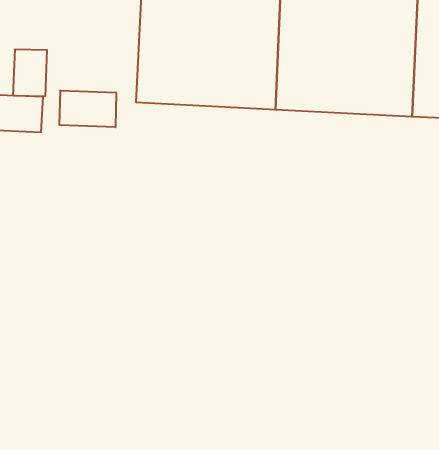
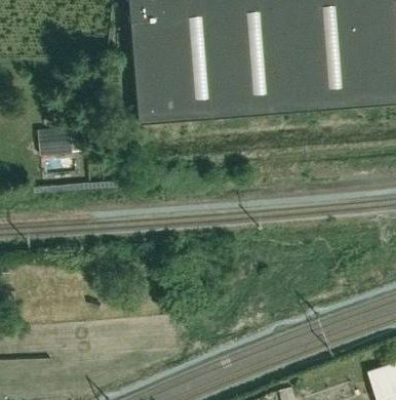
building: [13,49,47,96] -> none
building: [60,90,116,127] -> none

